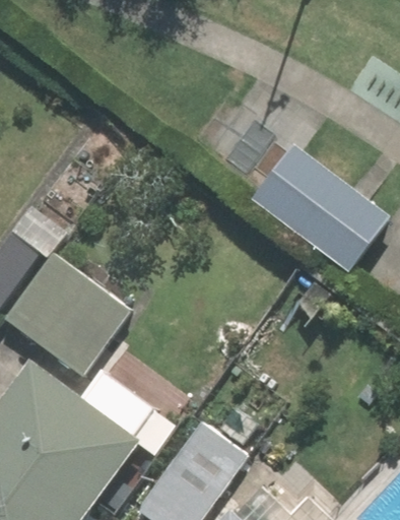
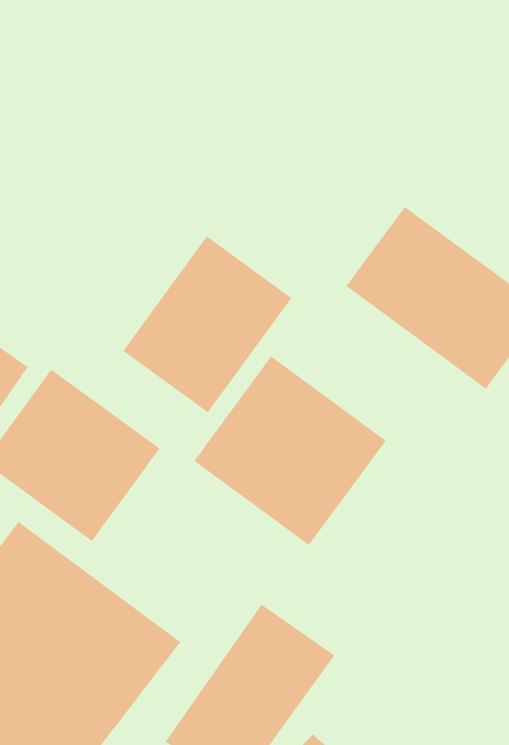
building: none -> [122,236,292,413]
building: none -> [193,356,387,546]

